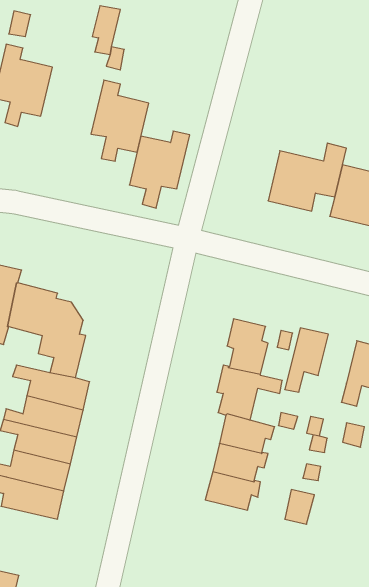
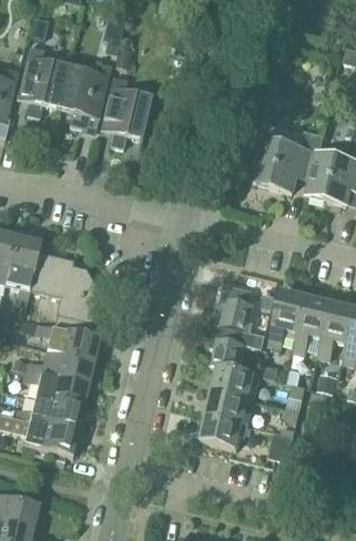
building: [129,131,190,208] -> [58,61,110,127]
building: none -> [293,296,330,353]

